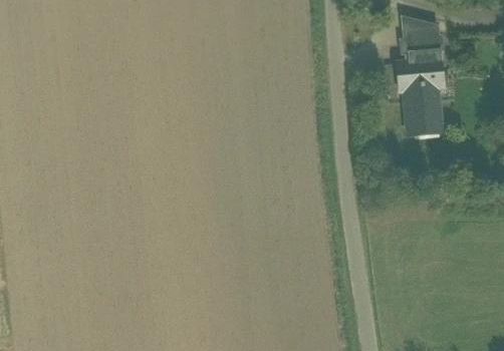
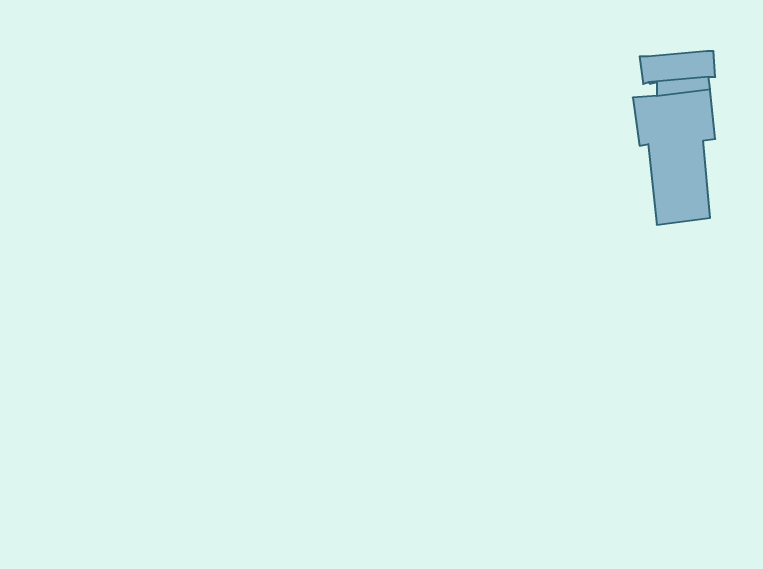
building: [403,15,439,37] -> none

